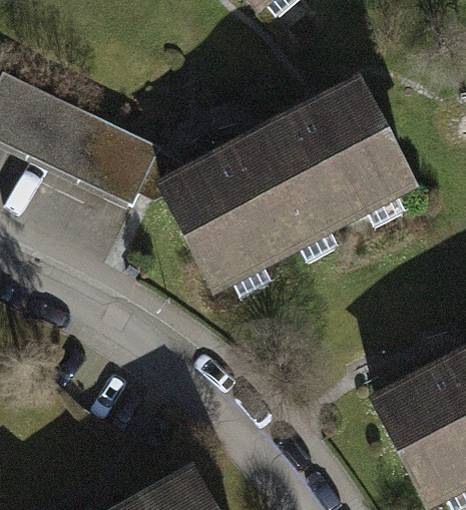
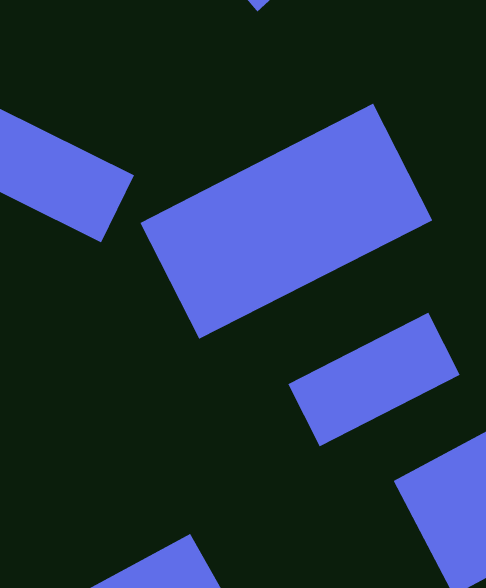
building: none -> [287,312,460,447]

